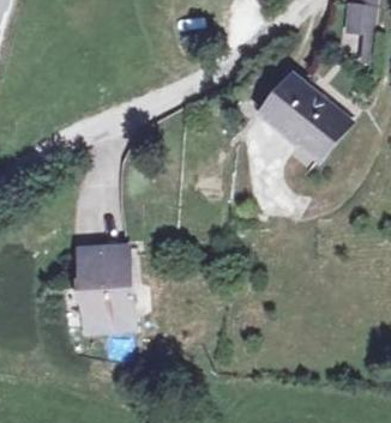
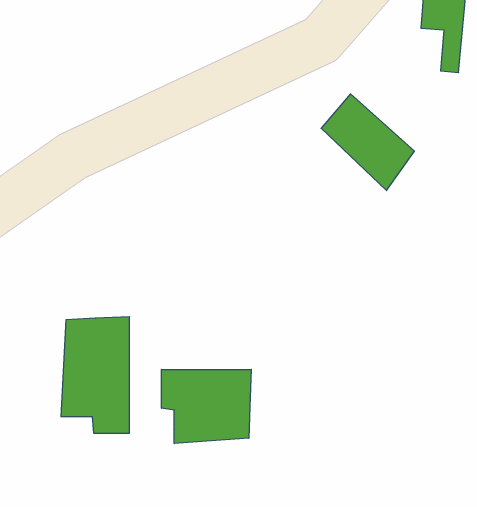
building: none -> [162,369,251,444]

